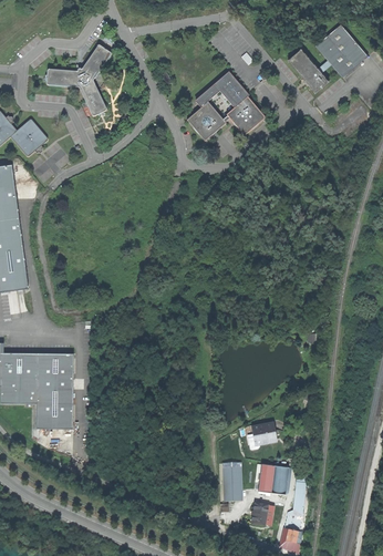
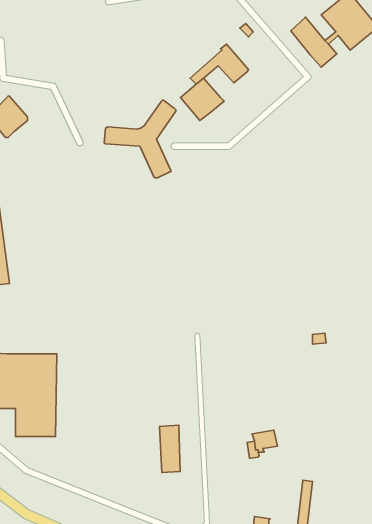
building: [45,44,111,115] -> [104,100,176,178]
building: [222,96,265,135] -> none
building: [221,456,240,500] -> [159,425,180,473]
building: [257,464,288,494] -> none

